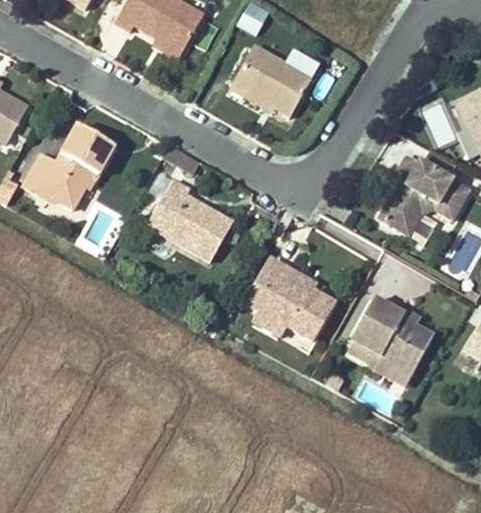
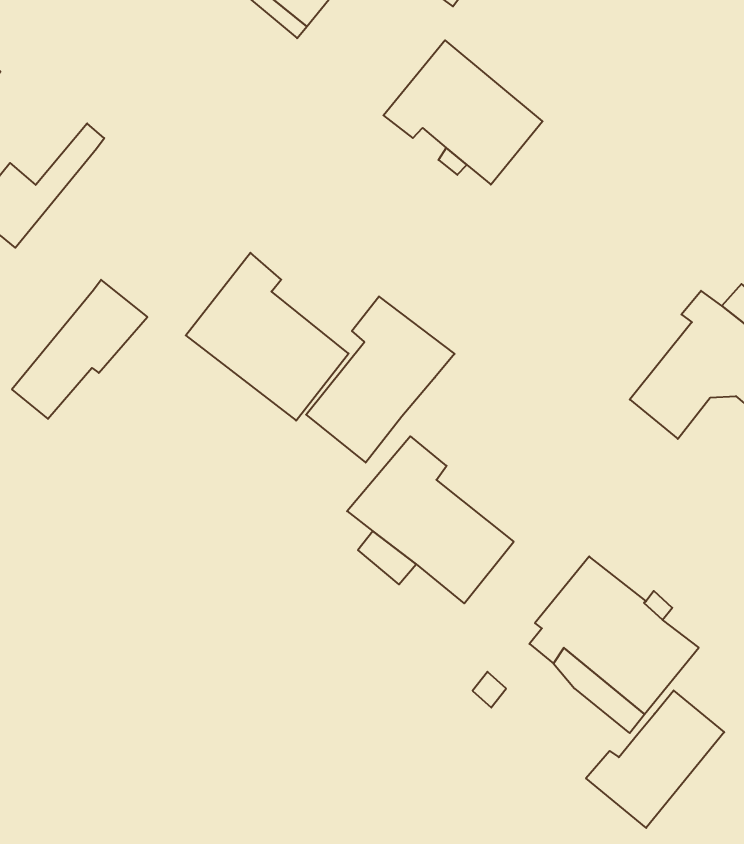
building: [52,129,115,205] -> [12,280,147,419]
building: none -> [306,296,455,463]
building: none -> [586,690,724,828]

